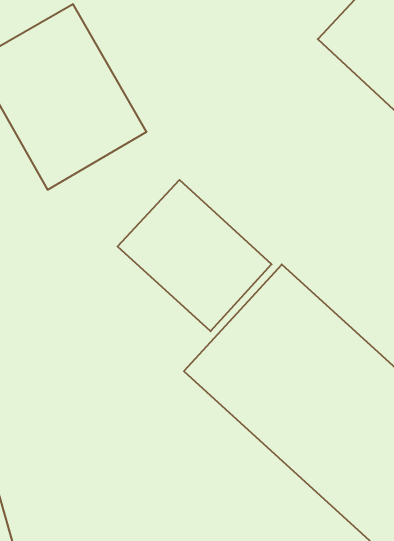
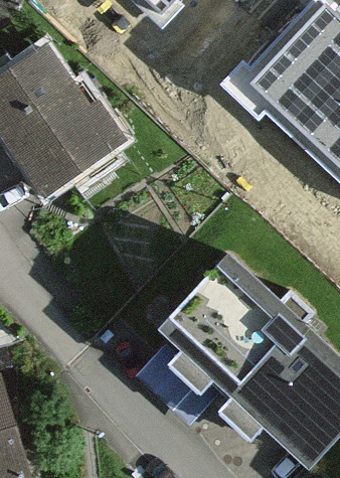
building: [118,180,272,331] -> none

